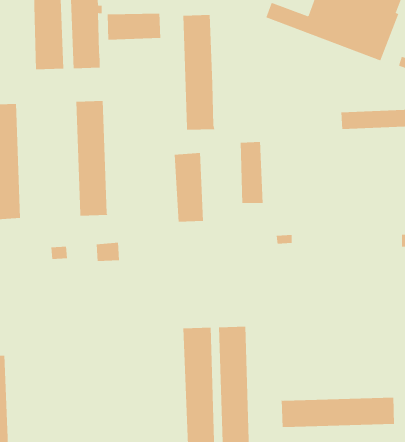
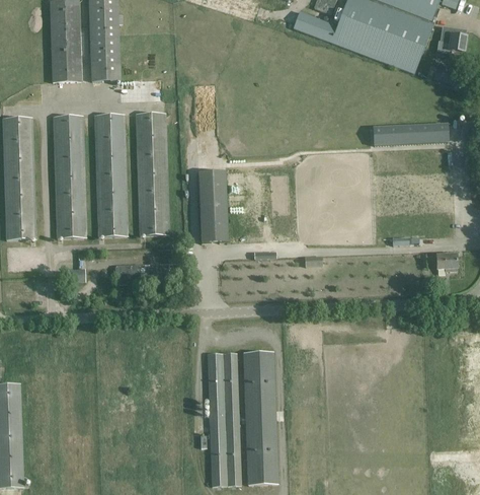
building: [107,13,161,40] -> none
building: [182,15,215,130] -> [136,113,170,234]
building: none -> [53,115,87,236]
building: [240,141,263,204] -> none
building: [281,397,395,428] -> none

